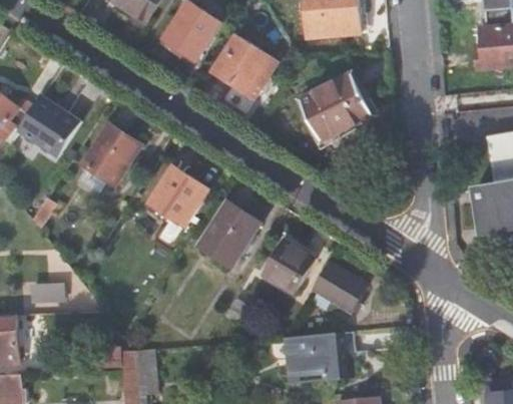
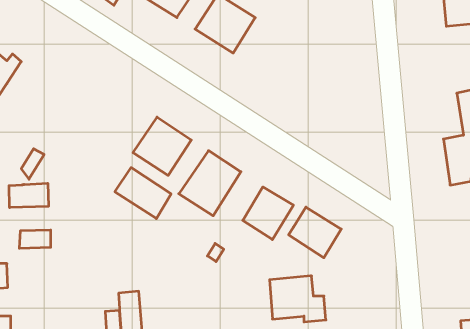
building: [298,73,372,141] -> none
building: [17,94,80,155] -> none
building: [81,121,142,184] -> none
building: none -> [115,168,171,219]
building: none -> [9,183,48,208]

